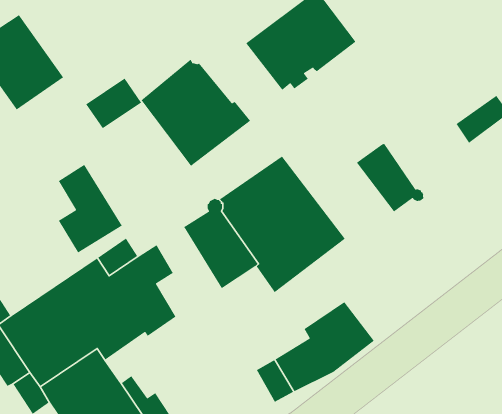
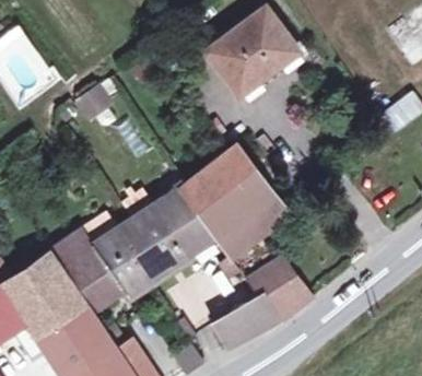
building: [140,58,251,167] -> none
building: [356,143,424,213] -> none
building: [58,164,123,254] -> [132,204,186,279]

